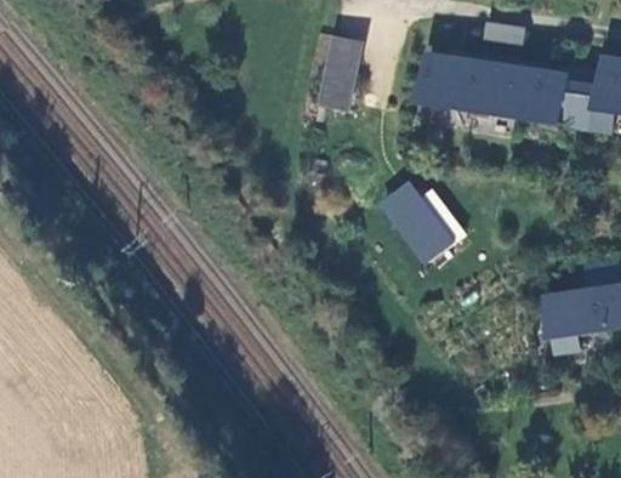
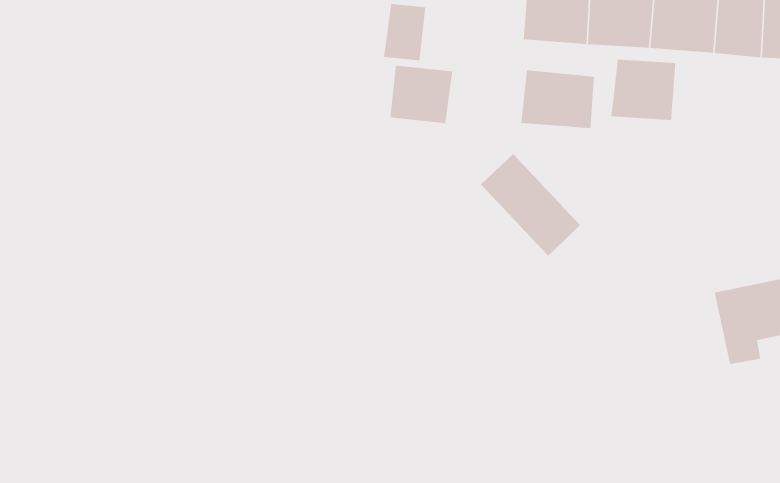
building: none -> [389,65,453,124]
building: none -> [611,59,676,121]
building: none -> [520,70,595,129]

